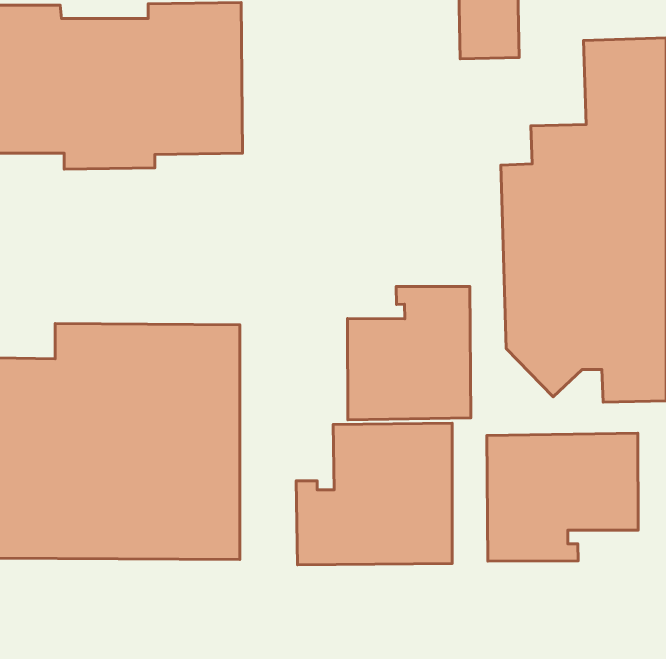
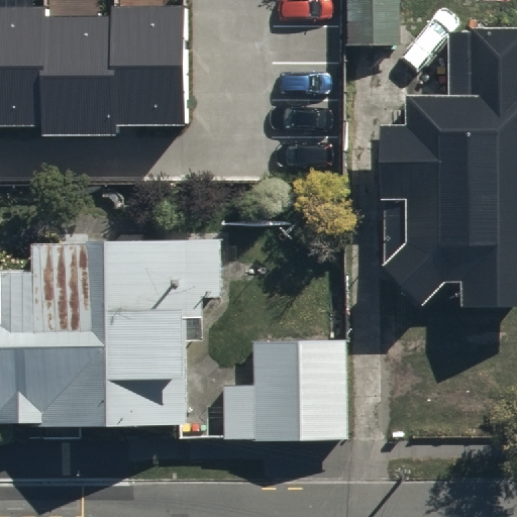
building: [347,286,471,420] -> none
building: [487,433,638,561] -> none

